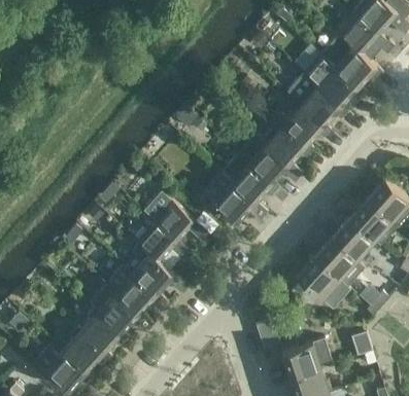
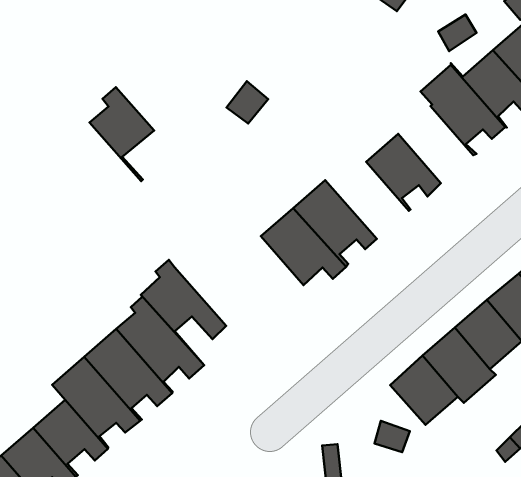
building: [281,104,329,150] -> none
building: [240,138,294,189] -> none
building: [155,199,195,254] -> [90,87,154,181]

